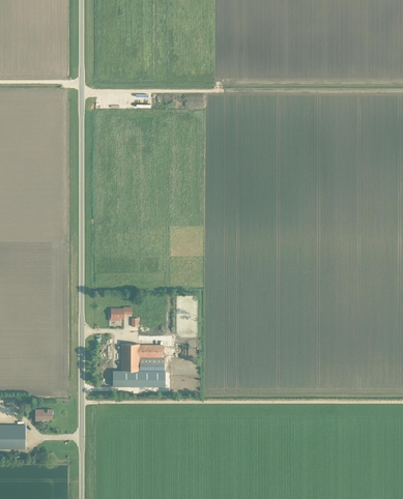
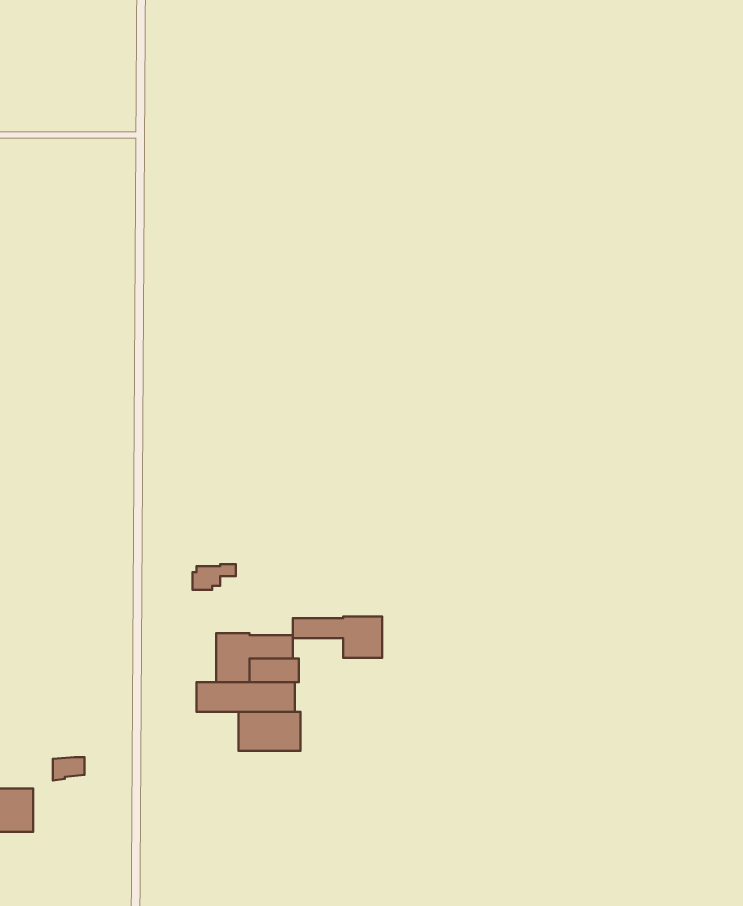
building: none -> [293,616,382,658]
building: none -> [238,712,301,751]

